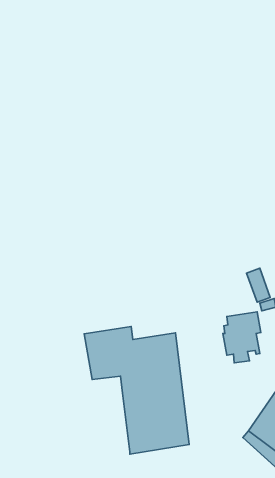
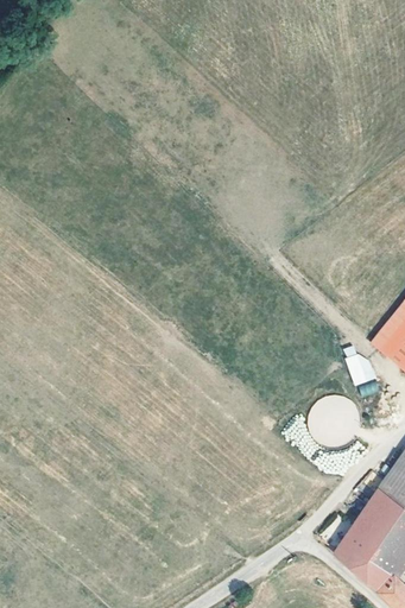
building: [84,326,189,454] -> none

